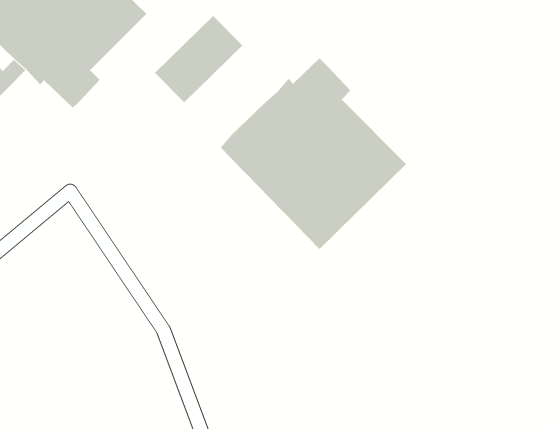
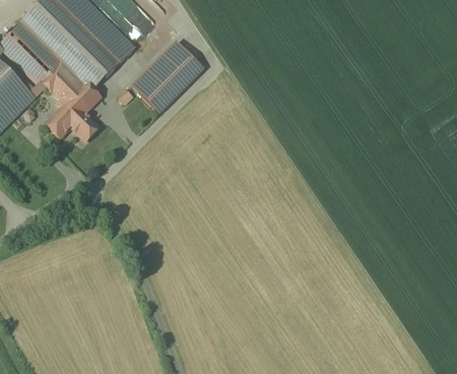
building: [220,58,407,250] -> none
building: none -> [46,96,99,139]

